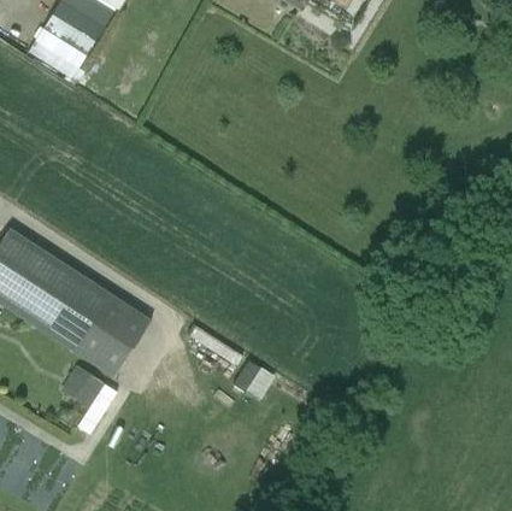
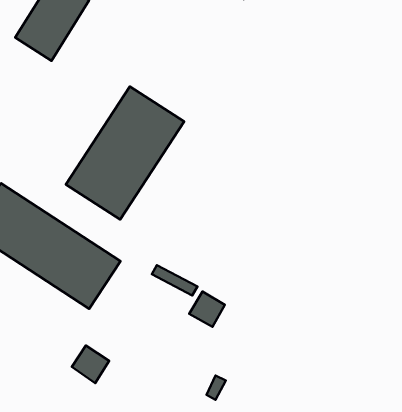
building: none -> [66,87,184,220]
building: [60,363,105,407] -> [72,346,109,383]

